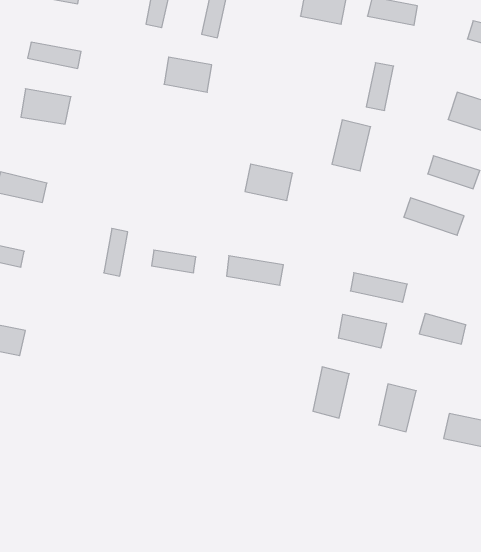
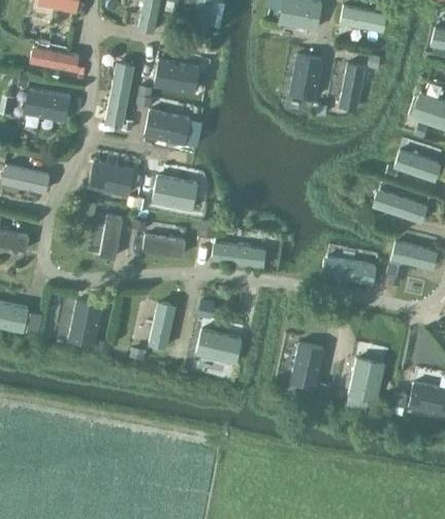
building: none -> [105,61,134,126]
building: none -> [147,112,190,143]
building: [332,120,371,171] -> [288,54,323,100]
building: [245,164,293,200] -> [154,176,197,209]
building: none -> [90,162,132,195]
building: [419,314,466,344] -> [394,241,437,269]
building: [339,314,386,348] -> none
building: none -> [62,302,101,346]
building: none -> [150,302,176,347]
building: none -> [196,329,243,364]

